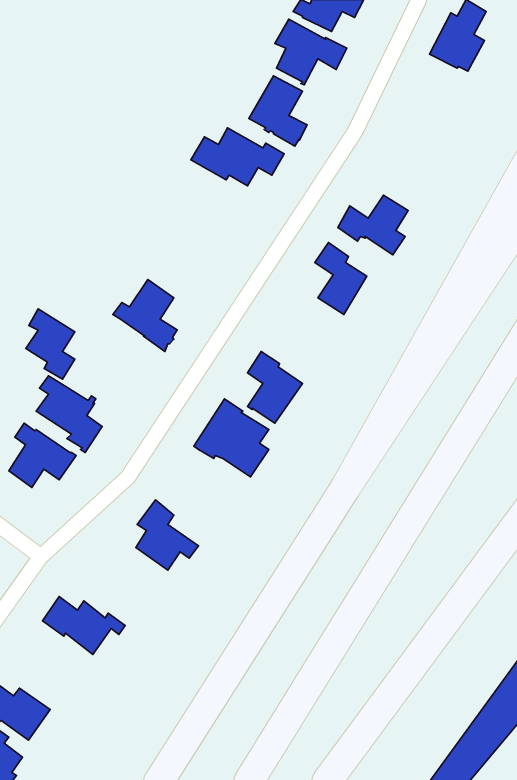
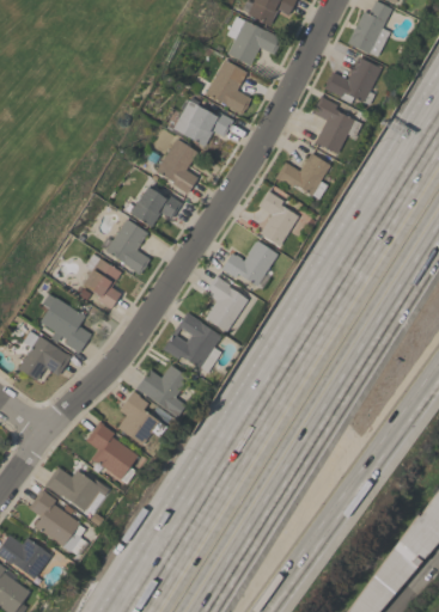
building: none -> [324,57,380,105]
building: none -> [311,97,361,154]
building: none -> [138,139,197,194]
building: none -> [130,186,182,227]
building: none -> [221,240,278,289]
building: [26,309,75,379] -> [83,253,121,308]
building: none -> [135,365,189,417]
building: none -> [85,421,138,484]
building: none -> [28,489,87,557]

